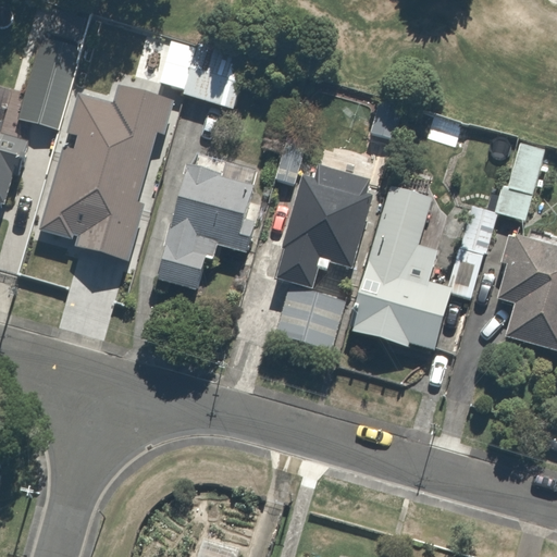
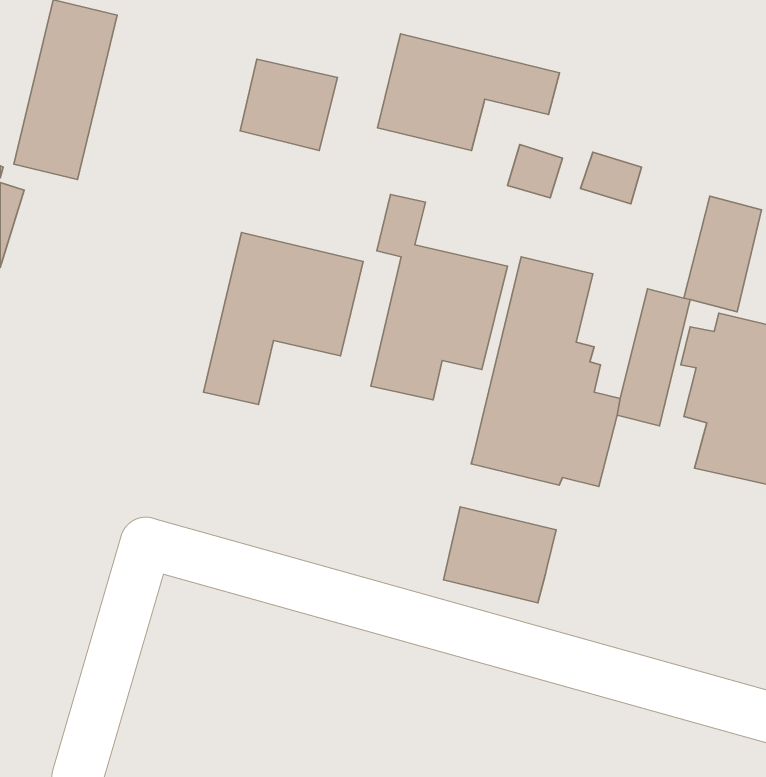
building: none -> [377,34,560,151]
building: [44,83,178,262] -> none
building: [272,284,352,352] -> [444,507,556,603]

